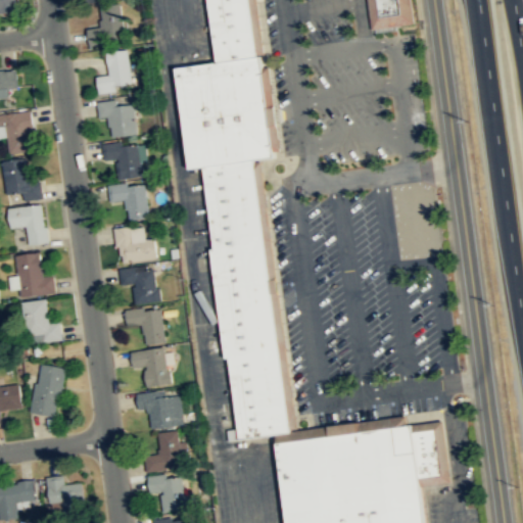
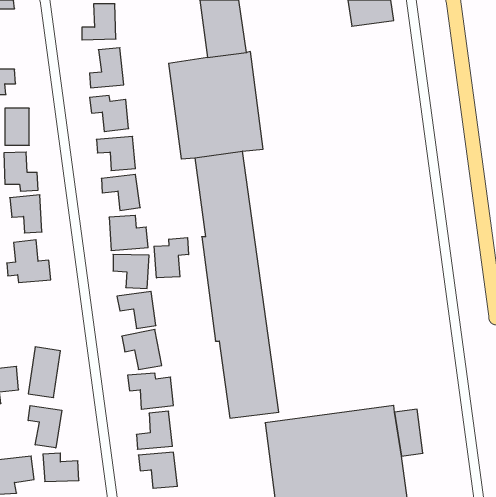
building: none -> [154,238,189,278]
building: [20,300,60,345] -> none
building: none -> [28,406,62,448]

